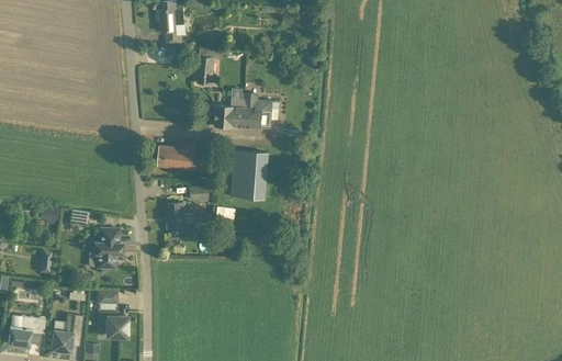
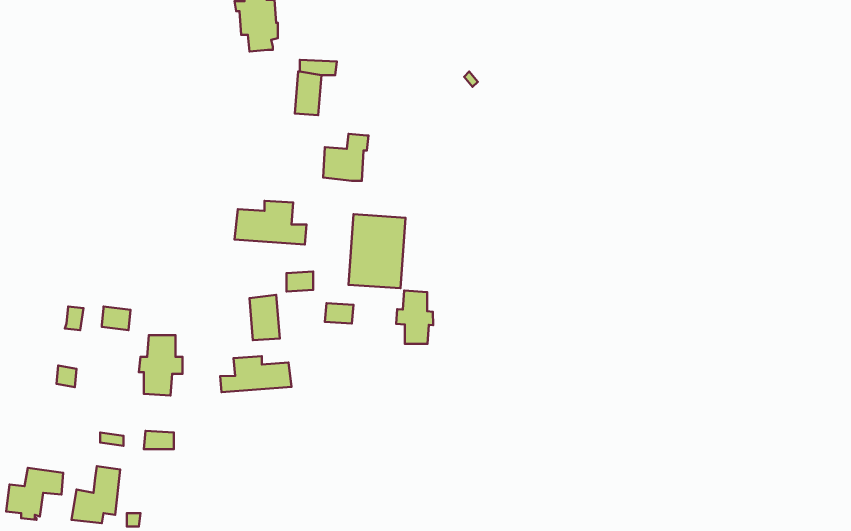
building: [239,92,271,129] -> none
building: none -> [396,290,433,344]
building: none -> [220,356,292,392]
building: [97,309,127,337] -> none

